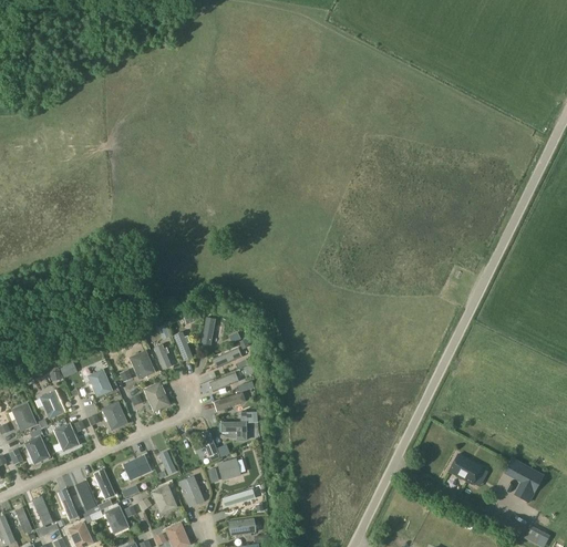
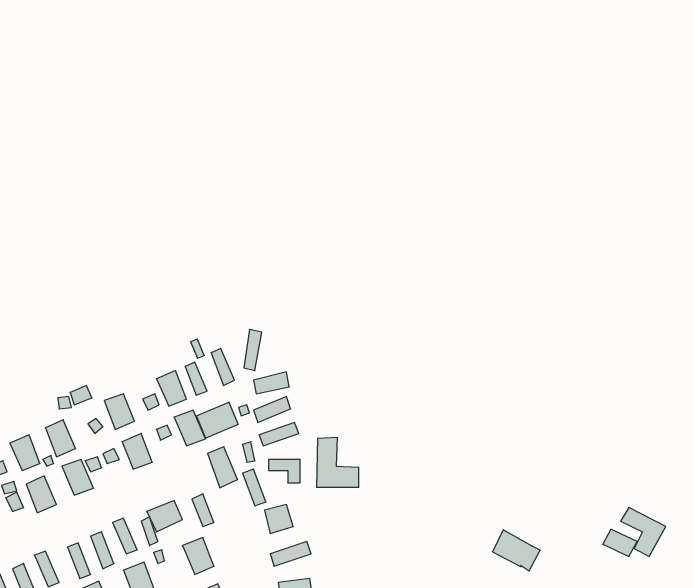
building: none -> [197,402,238,438]
building: none -> [317,437,359,487]
building: [450,455,488,488] -> [492,530,540,571]
building: [181,475,205,508] -> [207,447,238,488]

